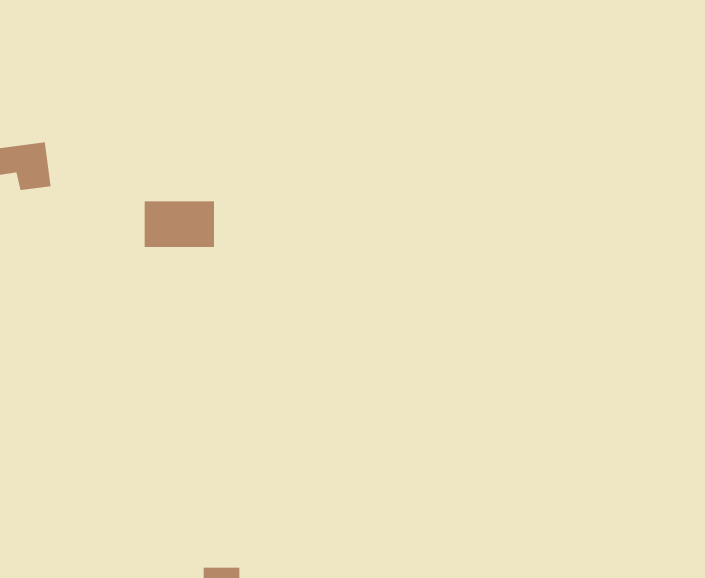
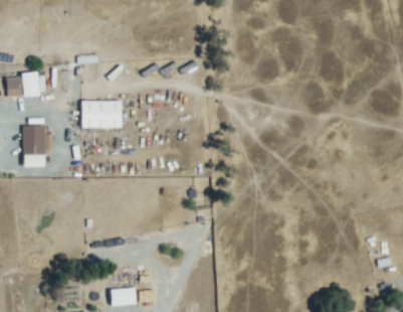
building: none -> [26,127,44,153]

